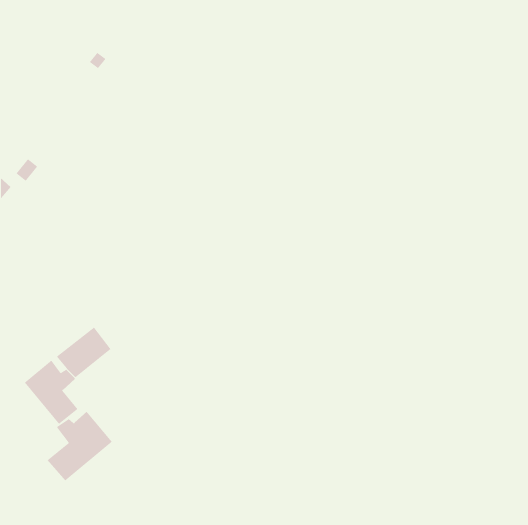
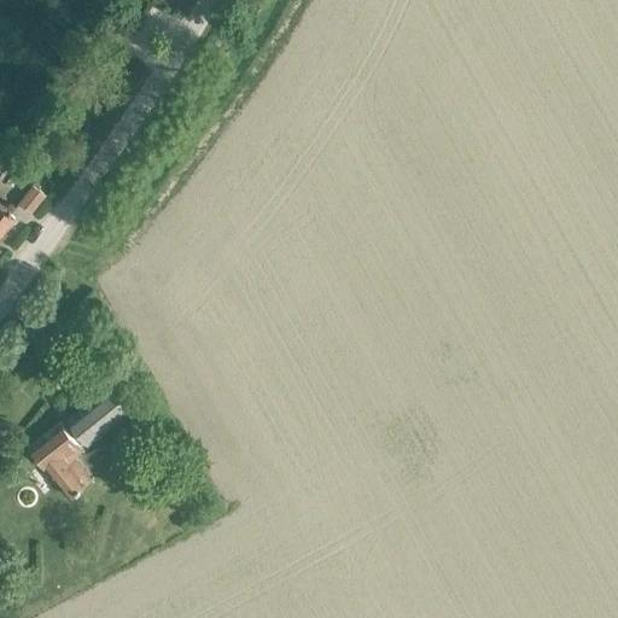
building: [47,411,113,481] -> none

